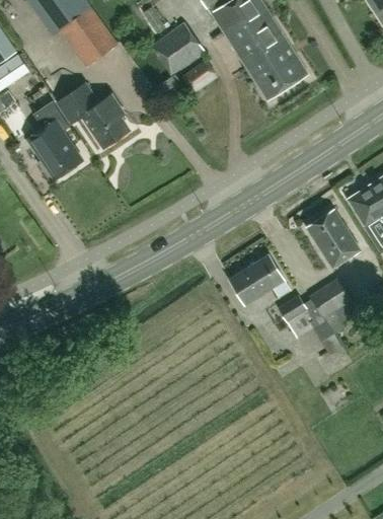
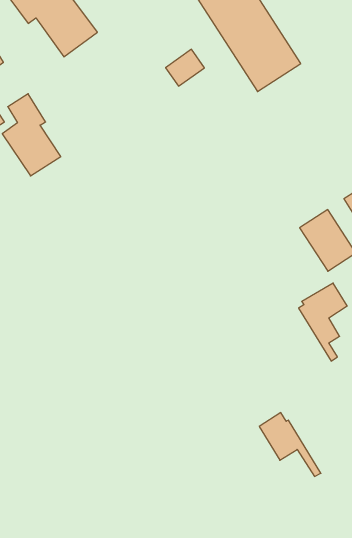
building: [149,22,205,76] -> none
building: [55,81,130,147] -> none
building: [228,254,290,305] -> none
building: [278,295,335,355] -> [259,413,321,476]

